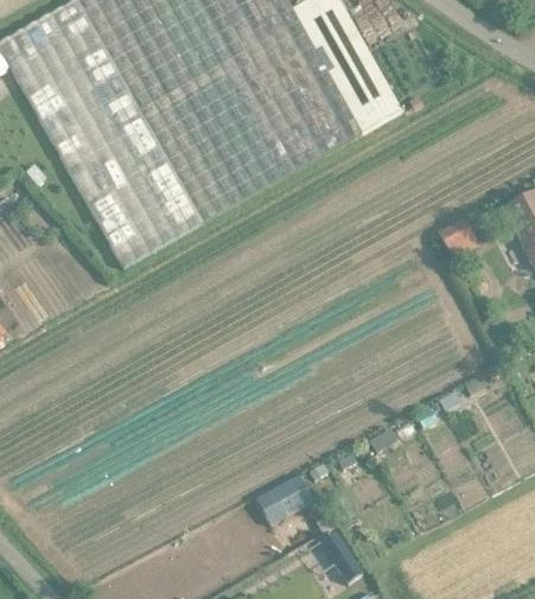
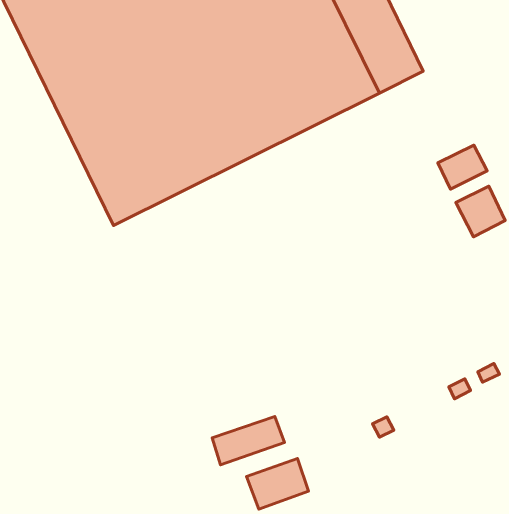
building: none -> [438,145,487,189]
building: none -> [212,416,284,465]

